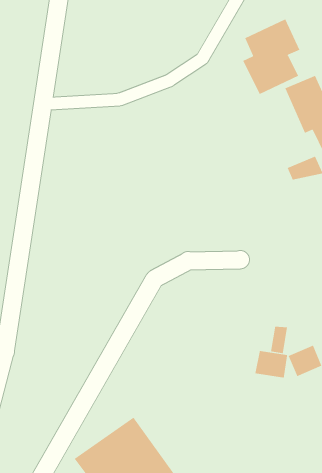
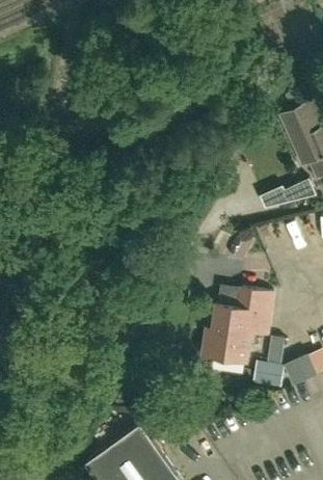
building: [243,19,300,95] -> none
building: none -> [208,290,272,363]

